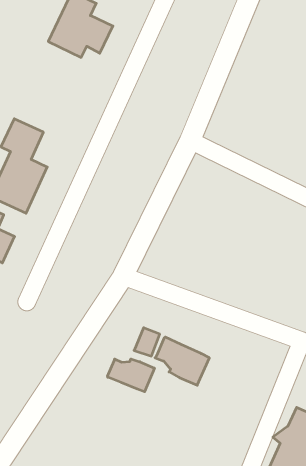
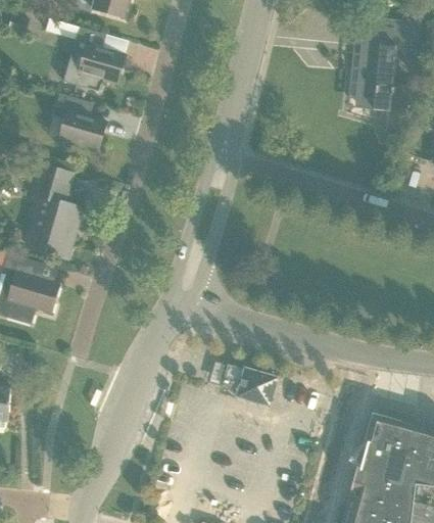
building: none -> [54,93,107,152]
building: [108,359,154,392] -> none

